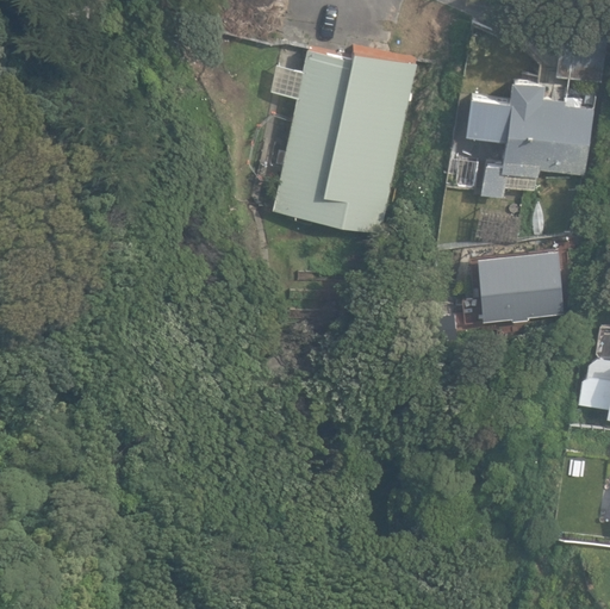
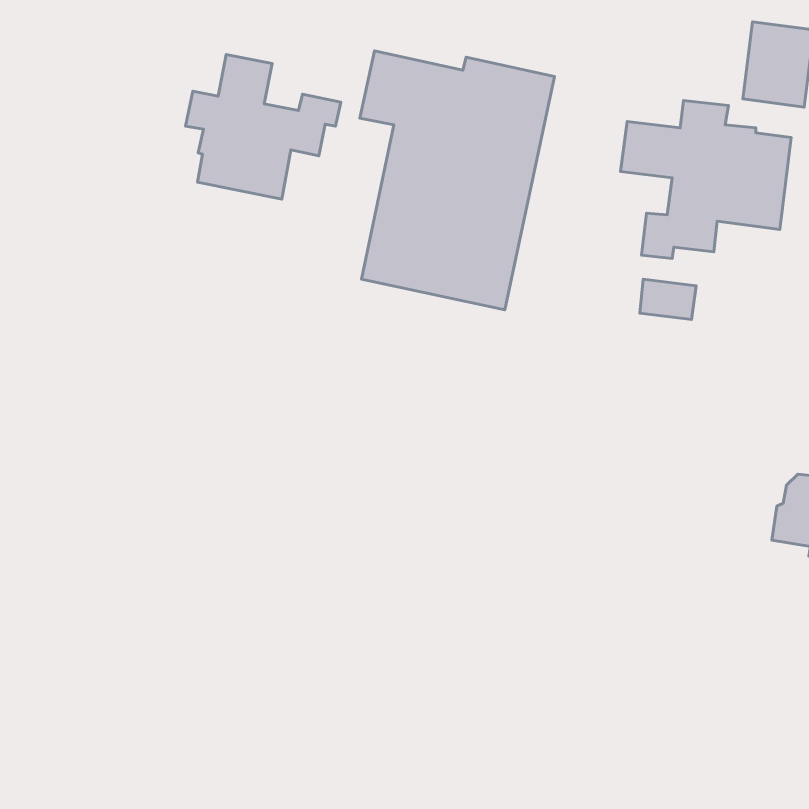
building: none -> [185,55,341,199]
building: [475,247,564,324] -> none

